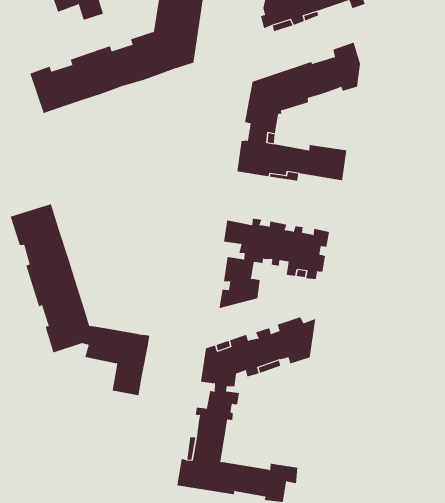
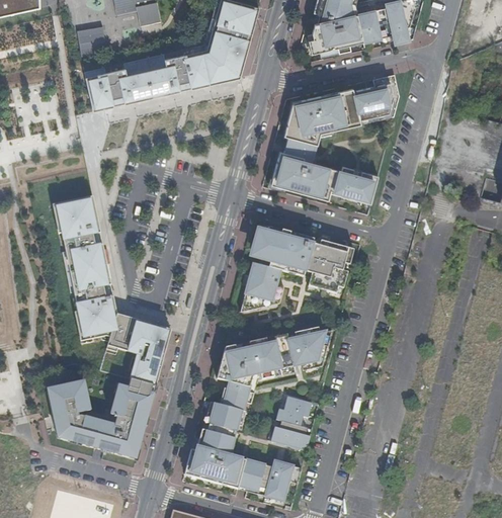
building: none -> [76,24,106,55]
building: none -> [50,378,157,458]
building: none -> [269,397,311,450]

